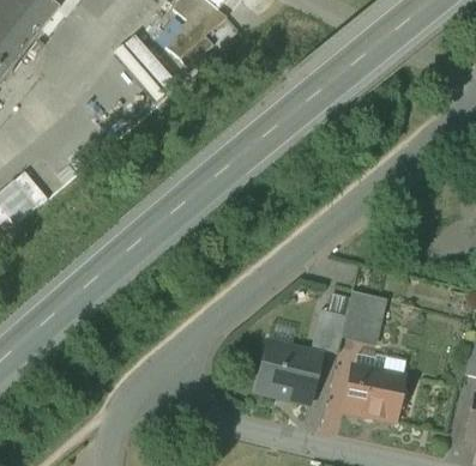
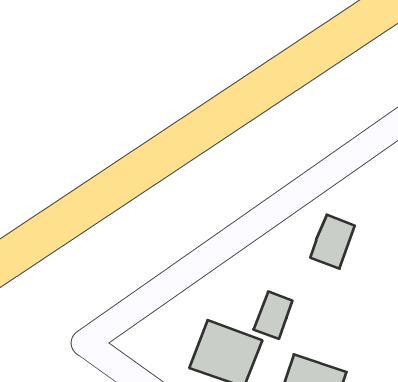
building: [341,290,379,339] -> [310,215,355,269]

